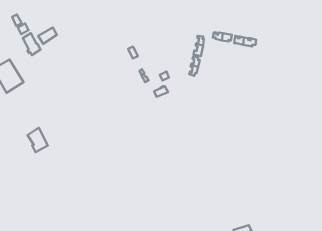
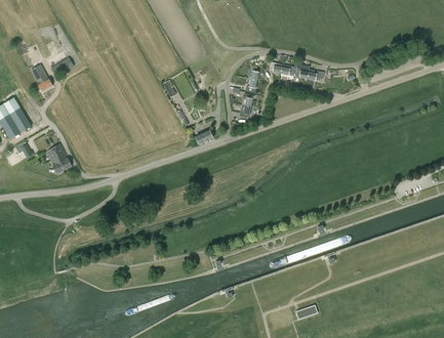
building: [27,128,48,152] -> [46,142,72,173]

